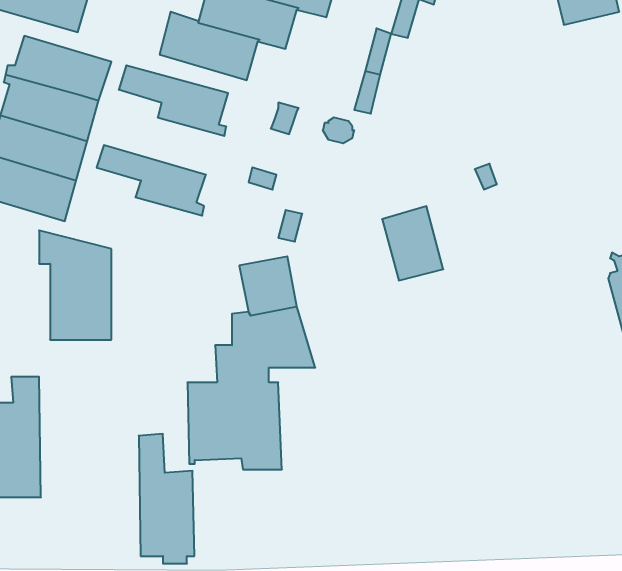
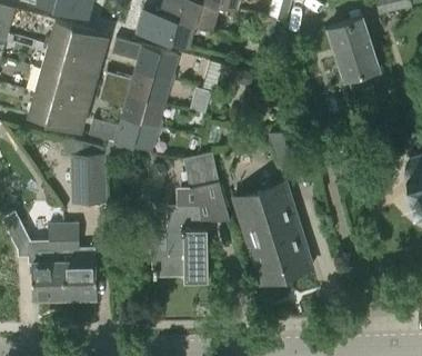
building: none -> [330,19,380,82]
building: none -> [103,71,175,106]
building: none -> [89,119,162,154]
building: none -> [235,184,314,285]
building: [139,434,194,564] -> [64,226,98,304]

